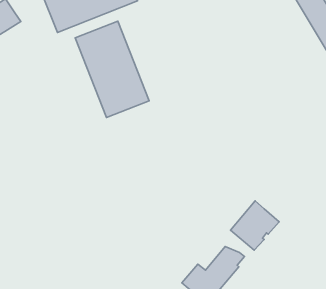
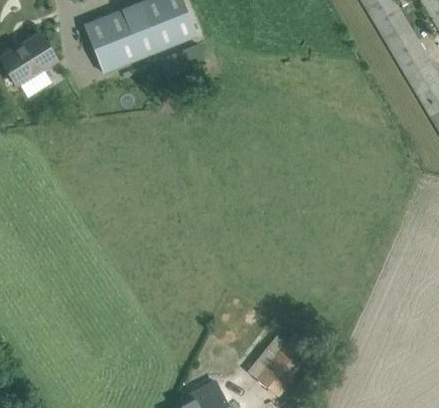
building: [75,21,149,117] -> none
building: [231,201,279,250] -> none

